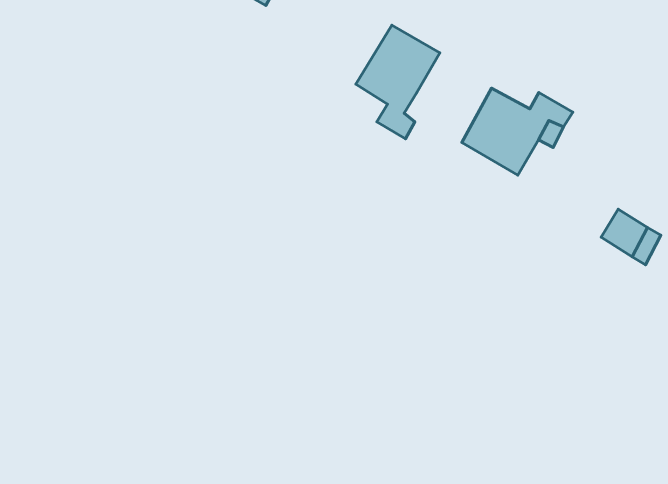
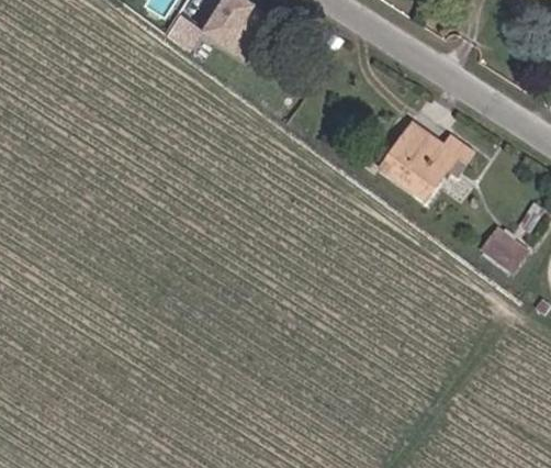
building: [356,25,440,139] -> none

